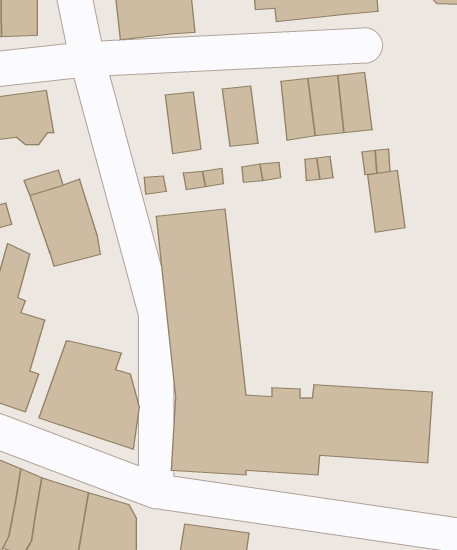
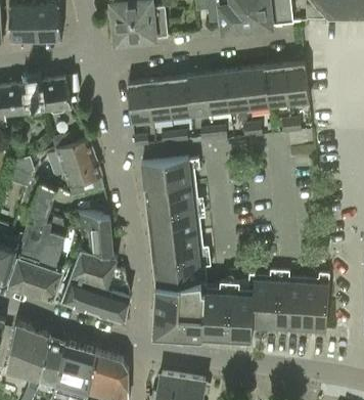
building: none -> [206,72,230,114]
building: none -> [167,77,191,118]
building: none -> [127,81,152,123]
building: [368,171,405,232] -> [283,62,309,104]
building: none -> [74,213,113,256]

